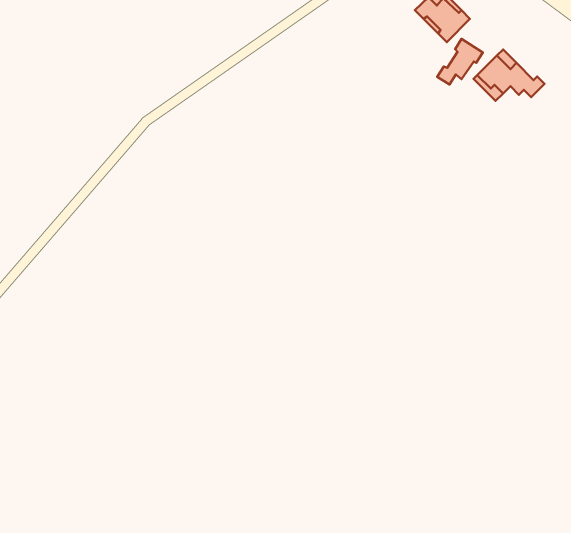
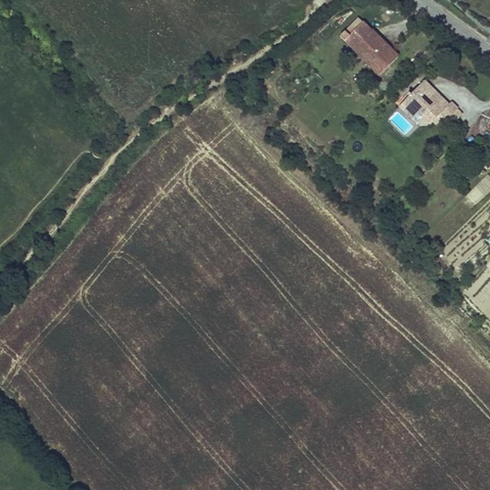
building: [437,39,483,85] -> none

